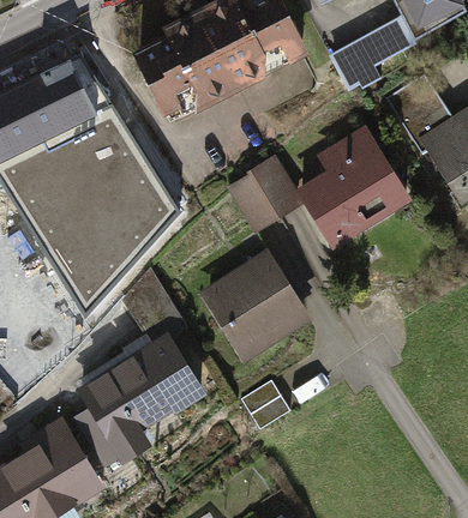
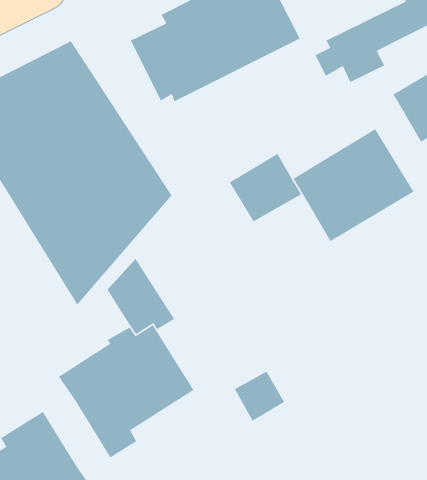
building: [194,248,308,366] -> none
building: [61,406,114,470] -> none

